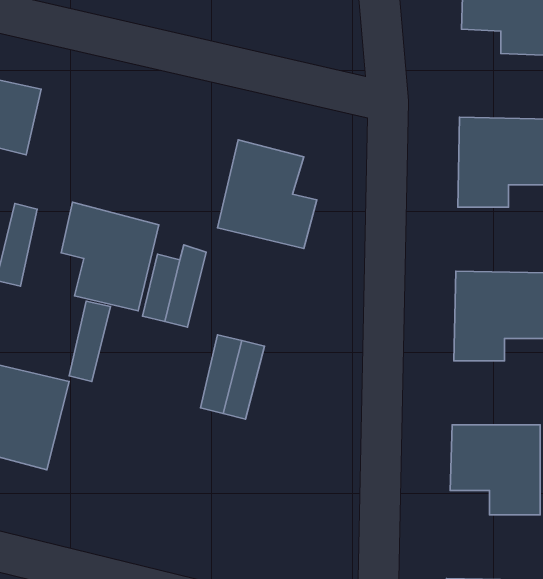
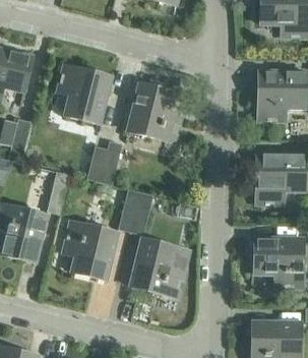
building: [61,202,159,311] -> [57,64,110,123]
building: none -> [63,221,117,280]
building: none -> [129,238,188,297]

